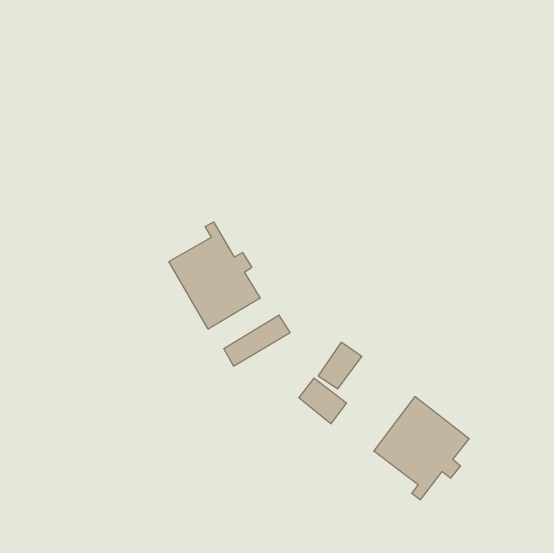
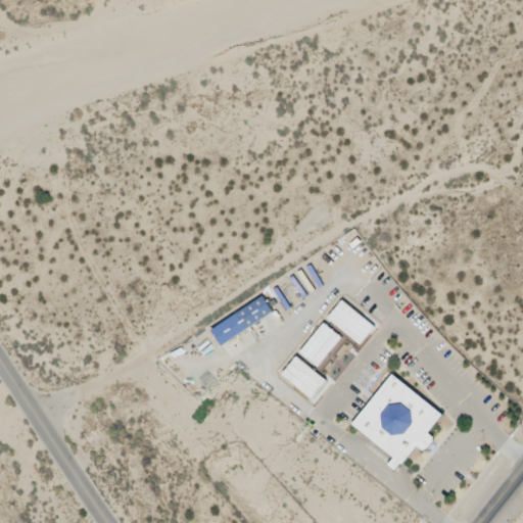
building: [169,222,260,329] -> none
building: none -> [326,299,374,344]

